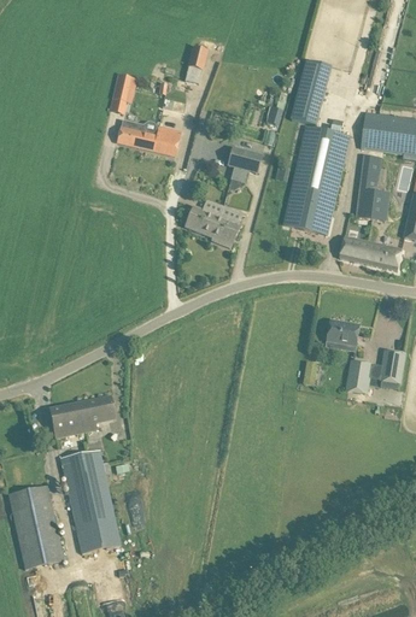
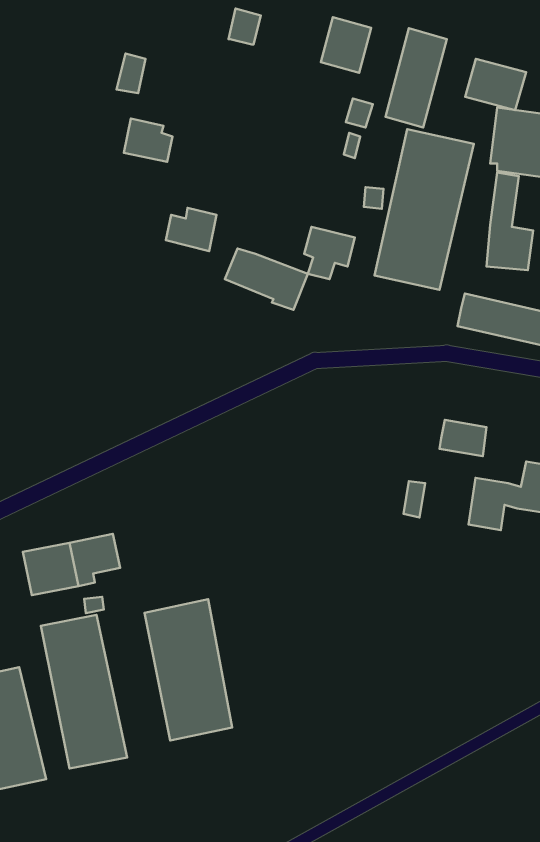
building: none -> [321,17,371,73]
building: none -> [465,59,526,110]
building: [146,125,180,154] -> [166,208,216,251]
building: [228,146,262,181] -> [304,227,355,279]
building: none -> [144,599,232,740]

